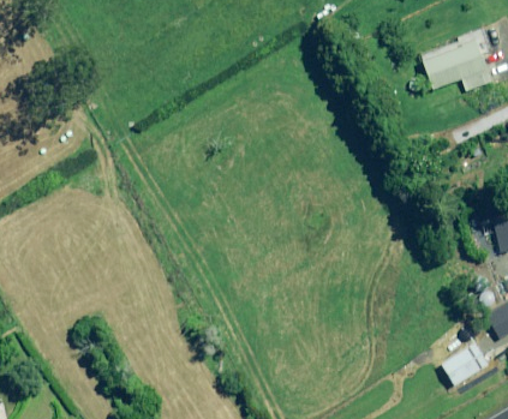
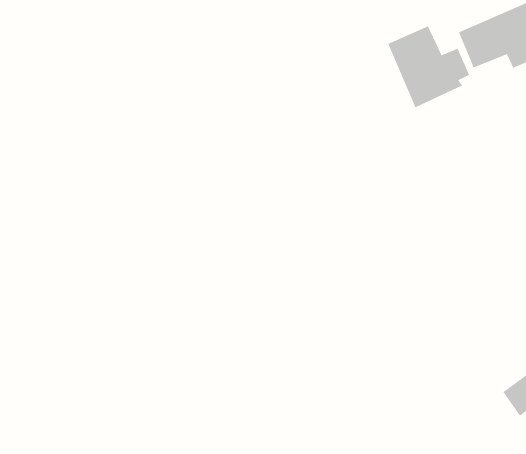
building: none -> [387,25,470,108]

